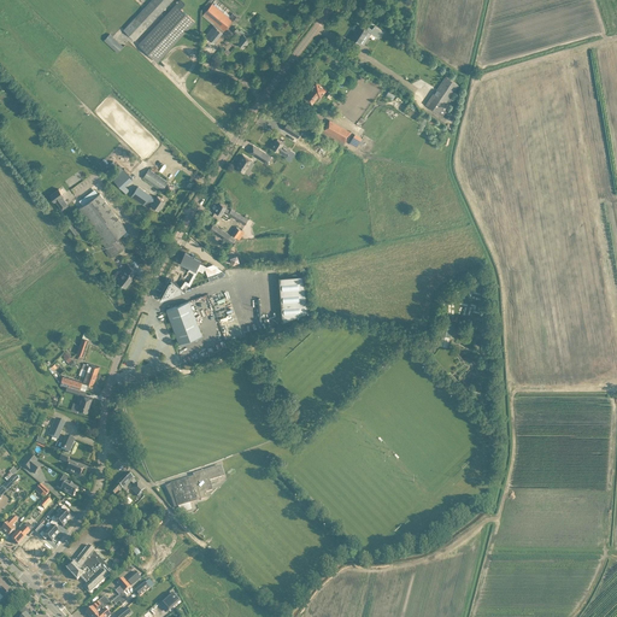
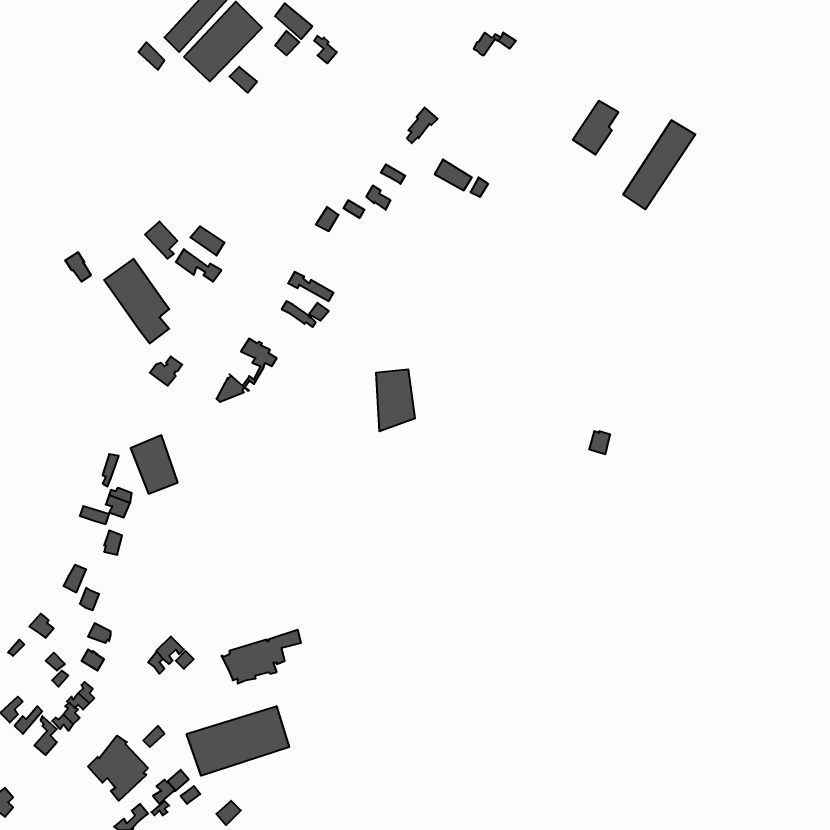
building: none -> [623,120,695,209]
building: [165,299,200,342] -> [131,435,178,494]
building: none -> [187,706,289,776]

